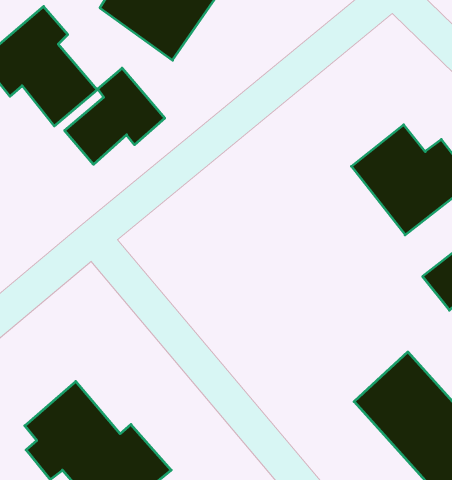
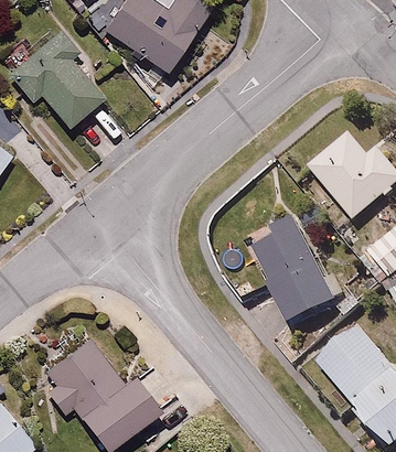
building: [65,68,165,164] -> none
building: none -> [253,216,347,320]

